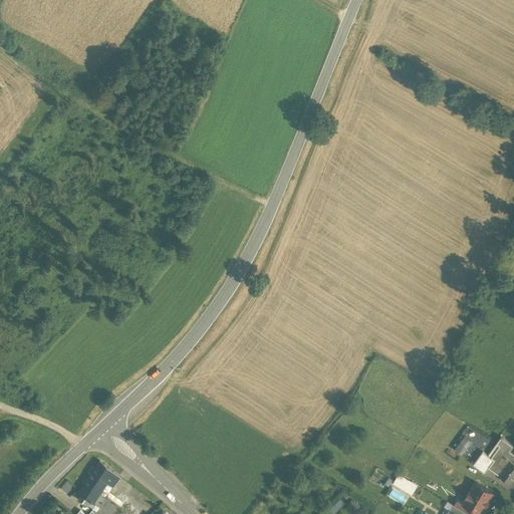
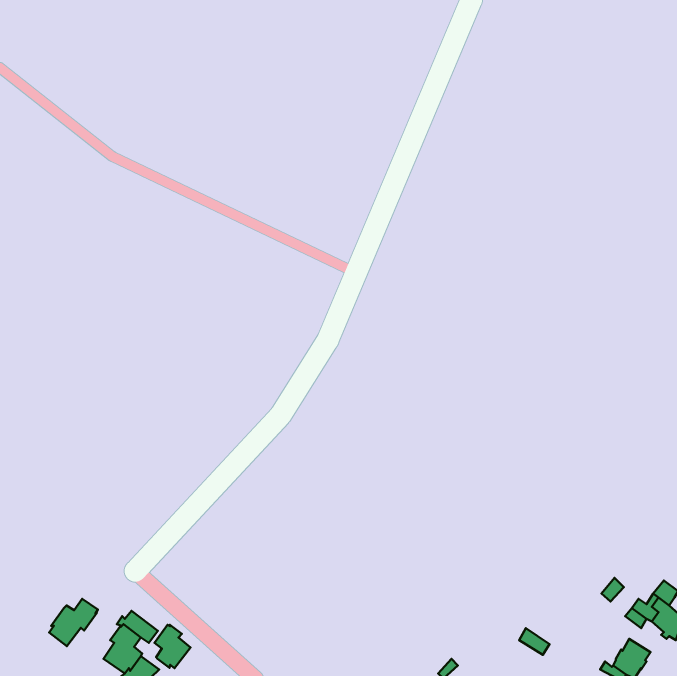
building: none -> [49,599,98,646]
building: none -> [154,625,191,668]

